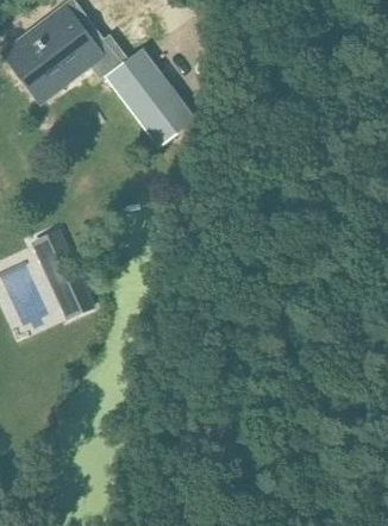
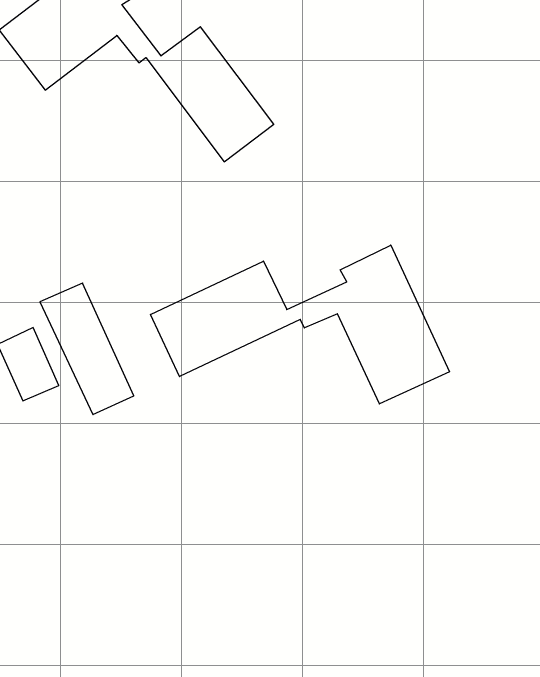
building: none -> [151,245,450,404]

